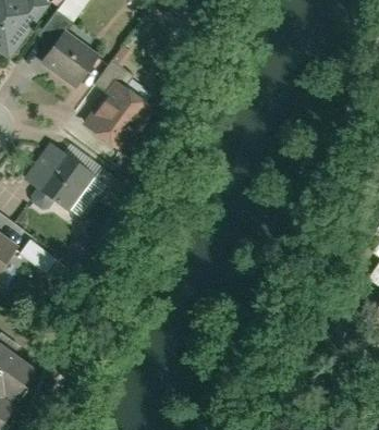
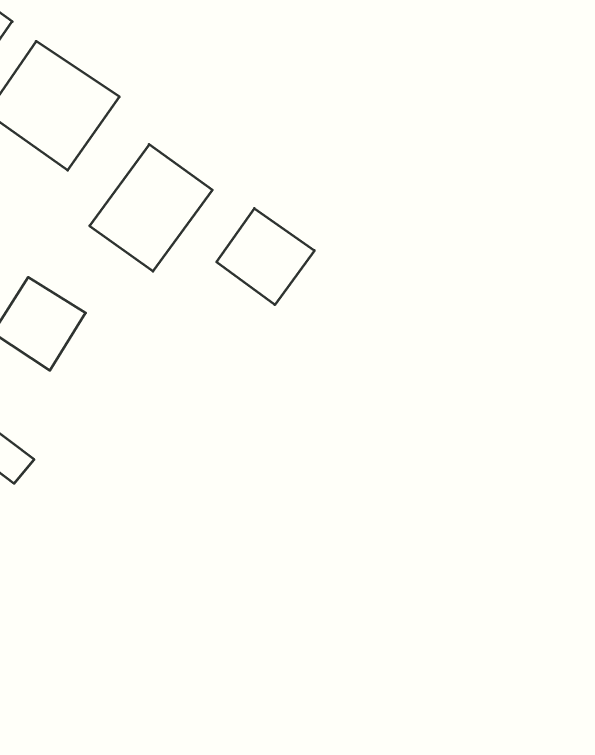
building: none -> [217,208,314,305]

